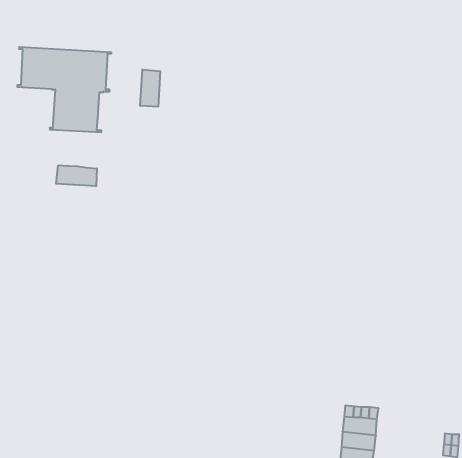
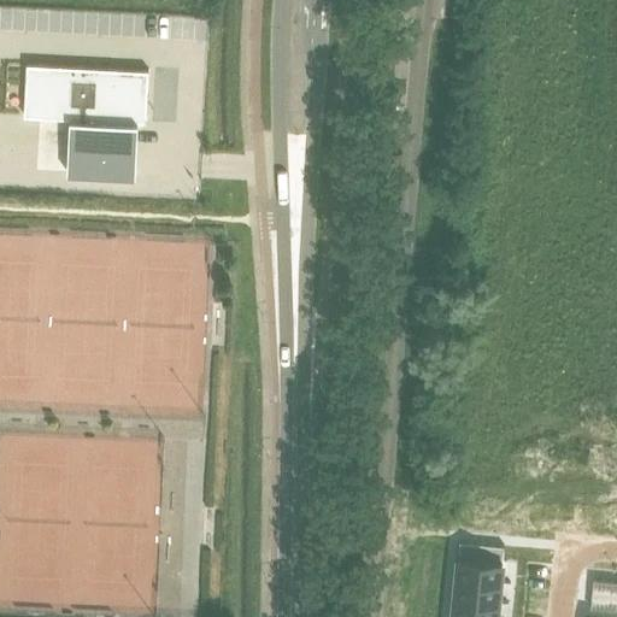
building: [140,69,160,107] -> none
building: [56,165,97,186] -> none

